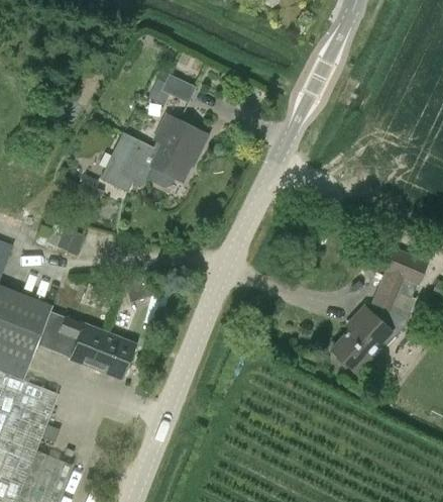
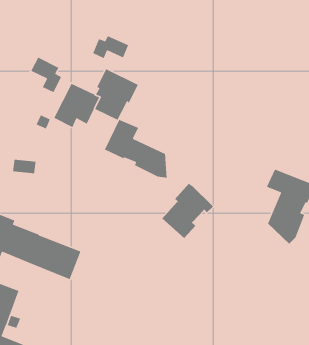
building: none -> [30,57,62,93]
building: none -> [104,119,168,179]
building: [329,307,395,377] -> [161,183,214,239]

